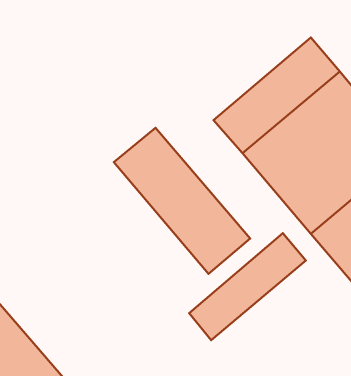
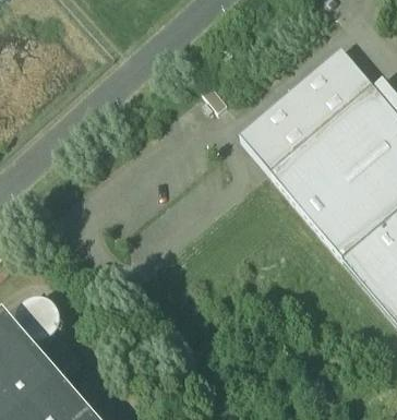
building: [114,128,250,274] -> none
building: [189,233,306,340] -> none

